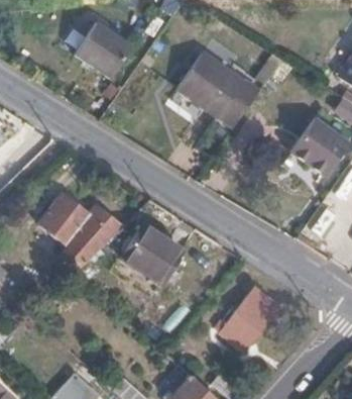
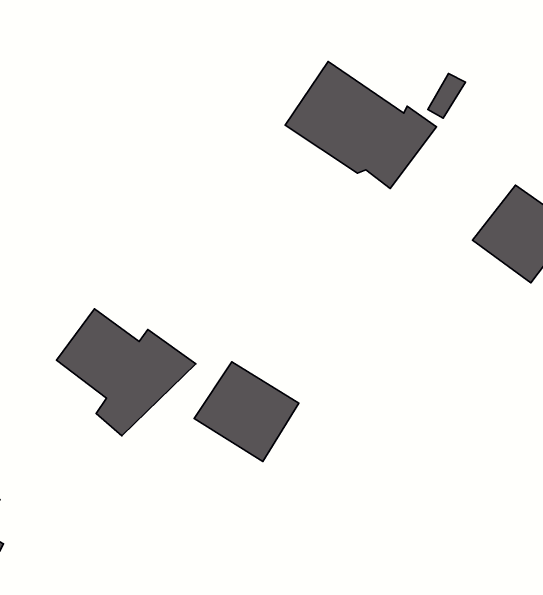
building: [71,20,127,76] -> none
building: [218,283,280,353] -> none

